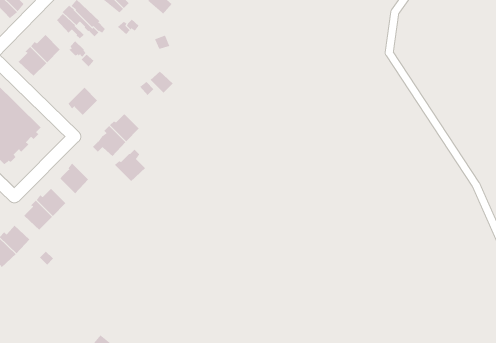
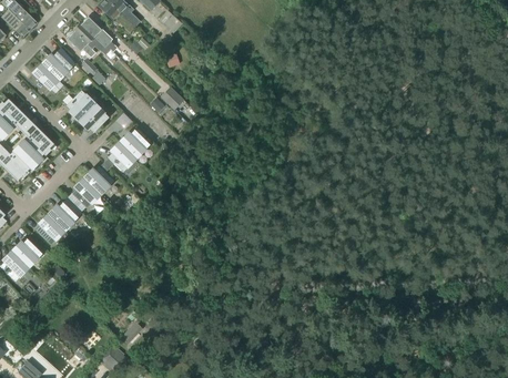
building: none -> [65,90,95,120]
building: [114,149,146,182] -> [83,162,114,194]

